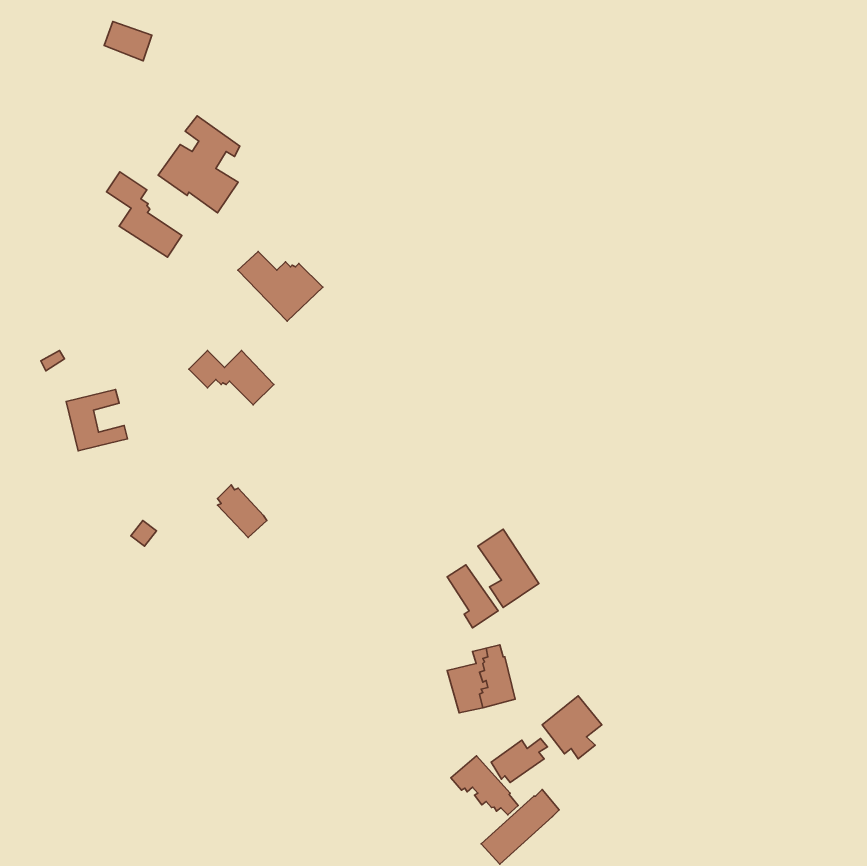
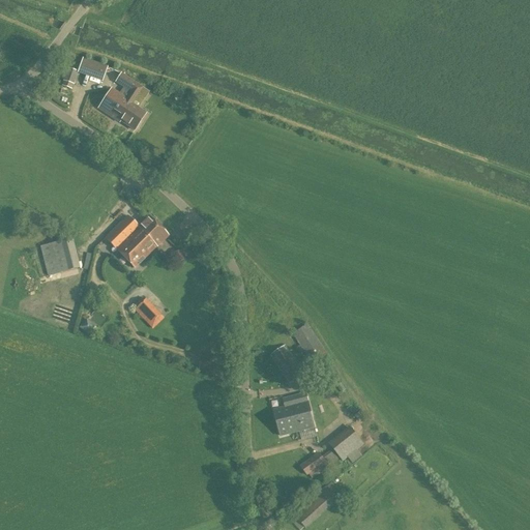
building: [104,22,152,61] -> [77,56,106,80]
building: [107,172,182,257] -> none
building: [238,251,323,321] -> [102,225,154,267]
building: [451,756,518,815] -> none

